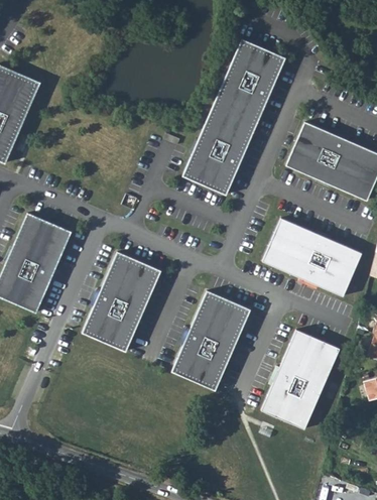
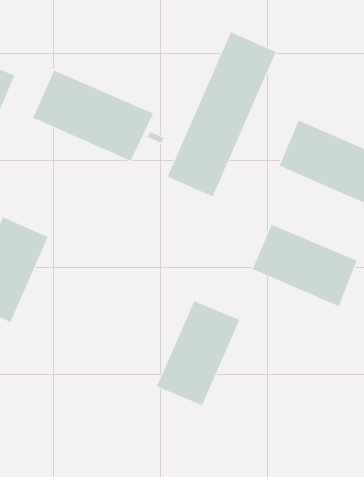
building: none -> [33,70,154,161]
building: [82,253,160,353] -> none
building: [260,330,340,431] -> none

